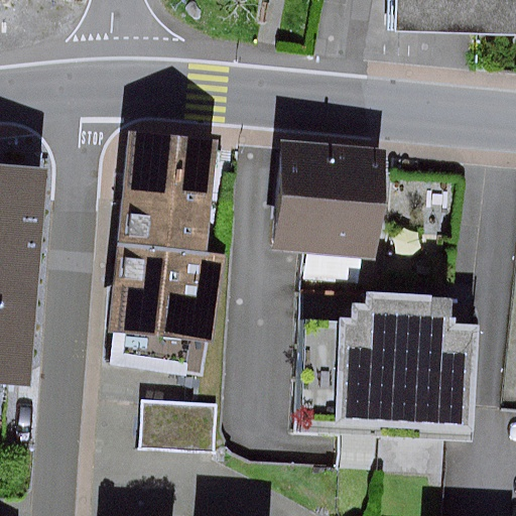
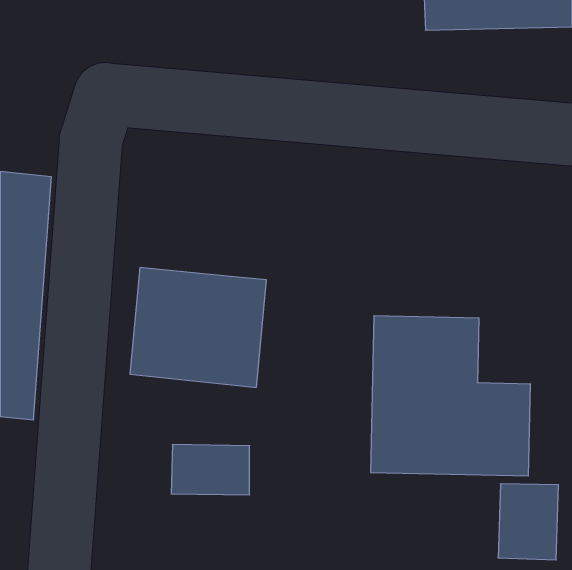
building: [126,131,217,249] -> none
building: [271,156,379,257] -> none

